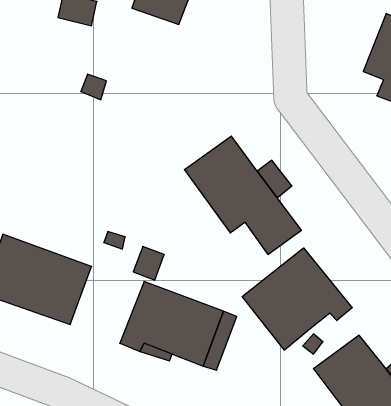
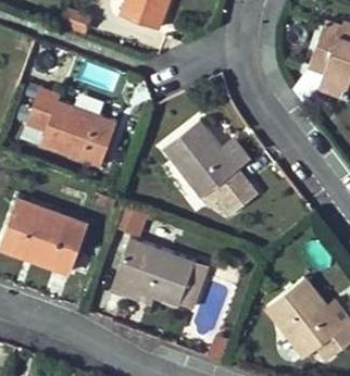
building: none -> [25,87,117,170]
building: [242,248,352,350] -> none

